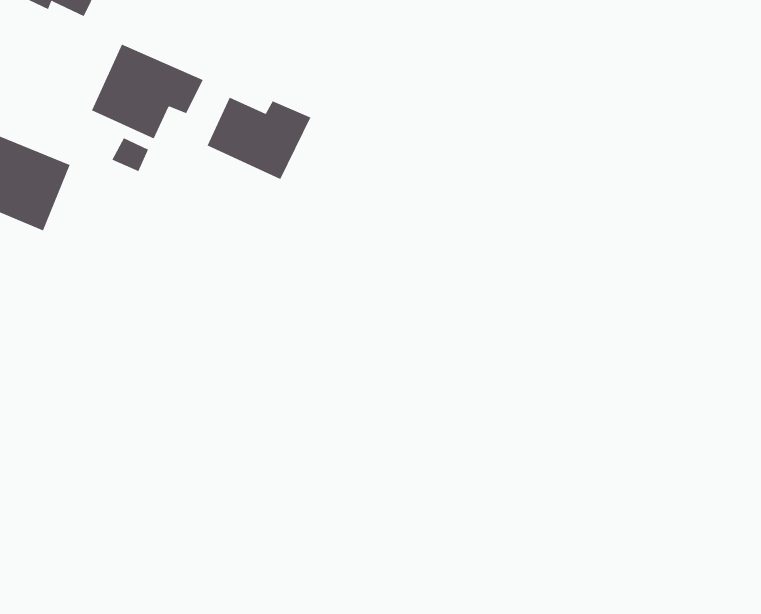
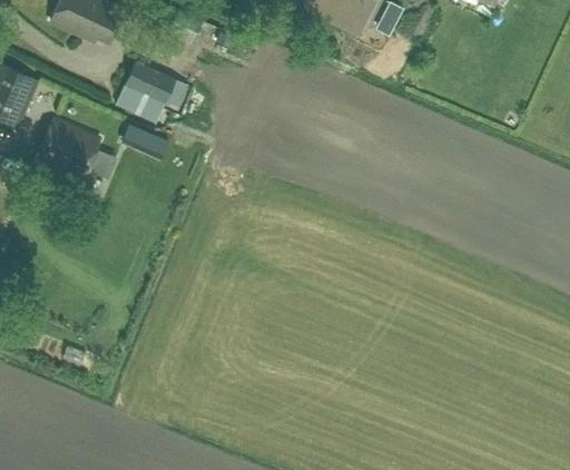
building: [207,97,311,180] -> none

